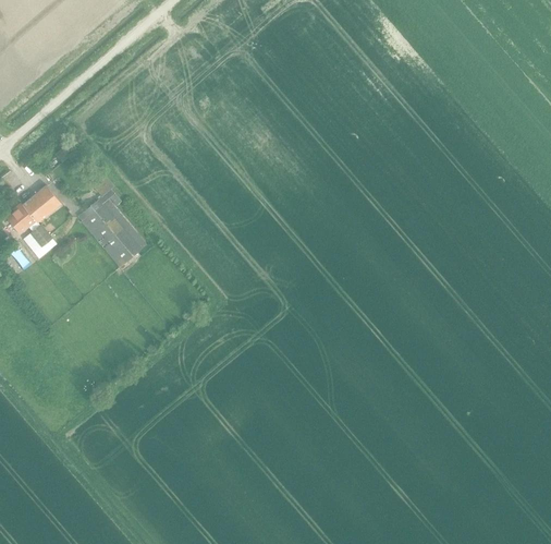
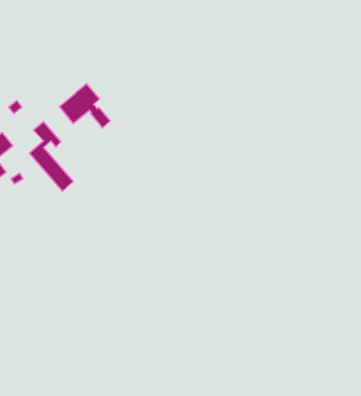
building: none -> [59,84,110,128]

